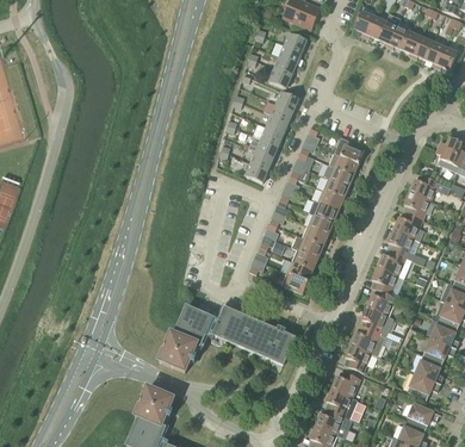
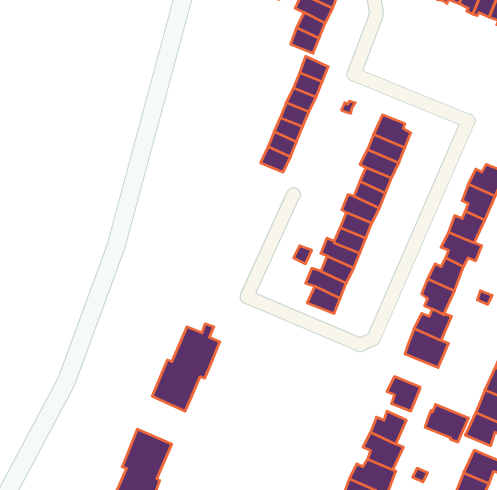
building: [206,306,294,364] -> none
building: [351,325,385,355] -> [425,404,469,442]

